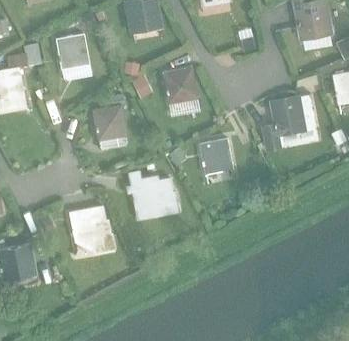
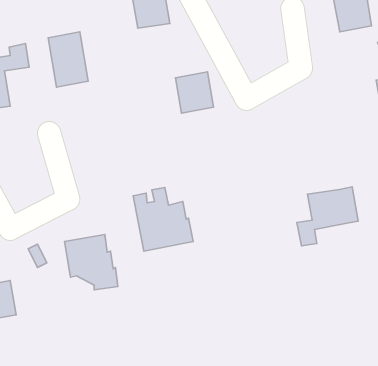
building: [93,94,126,140] -> none
building: [265,100,317,150] -> [297,187,358,246]
building: [201,139,234,174] -> none

